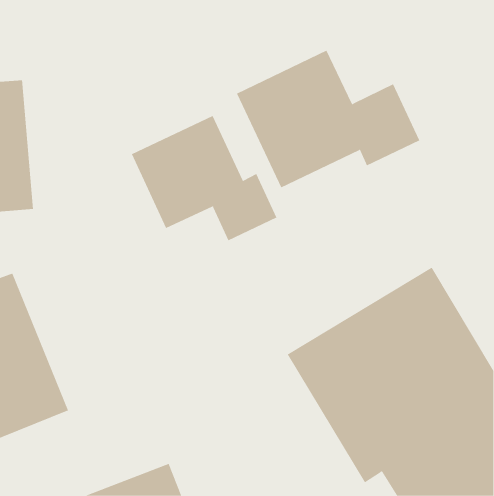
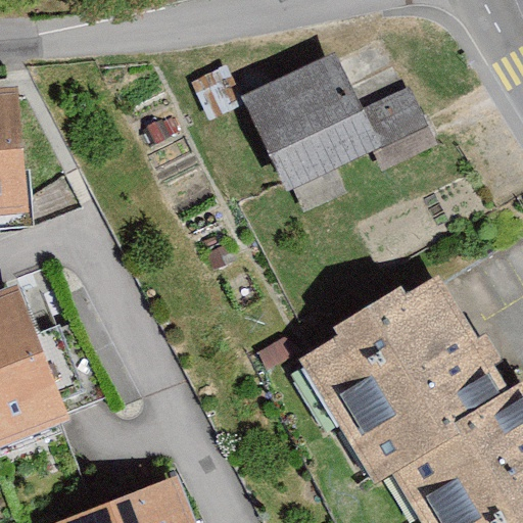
building: [131,115,277,241] -> none

